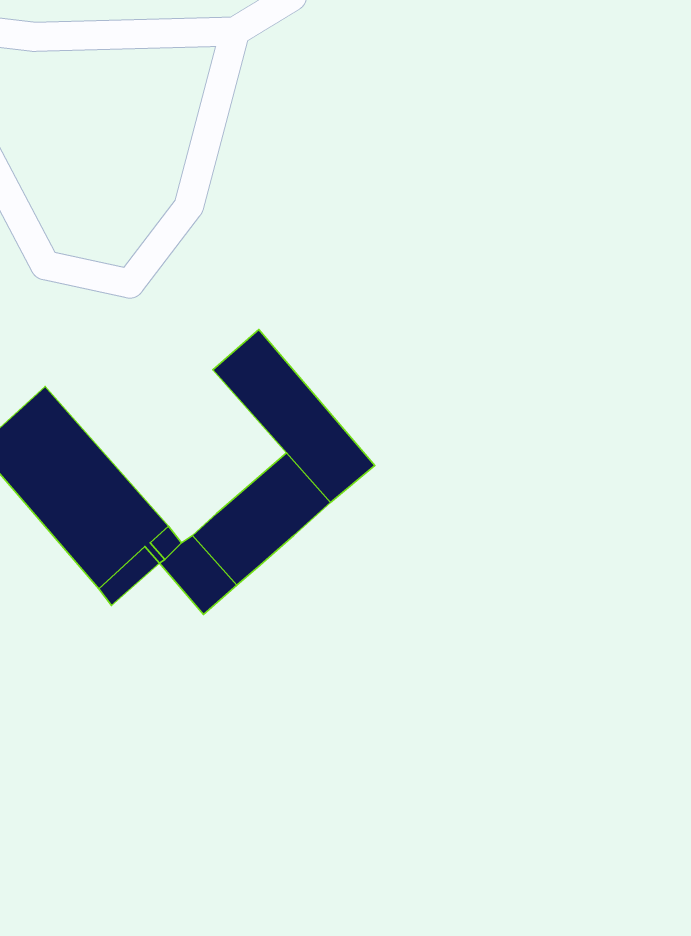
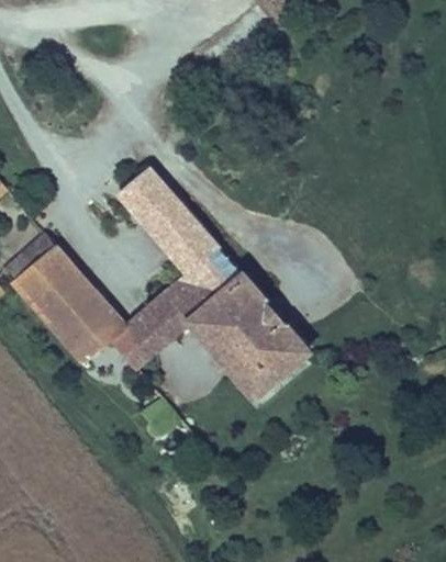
building: none -> [119,167,172,222]
building: none -> [193,279,306,395]

